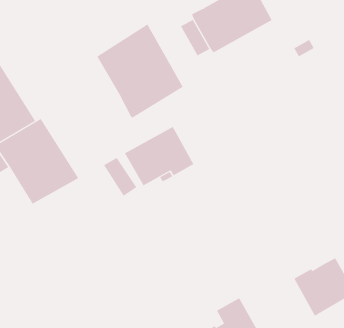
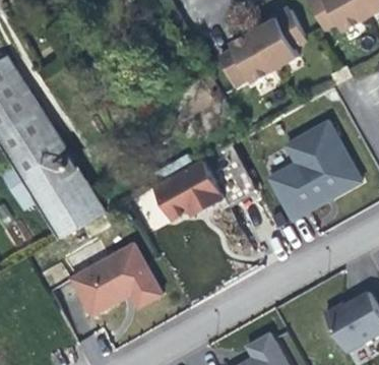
building: [97,23,184,118] -> none
building: none -> [270,121,363,219]
building: none -> [71,242,164,315]

